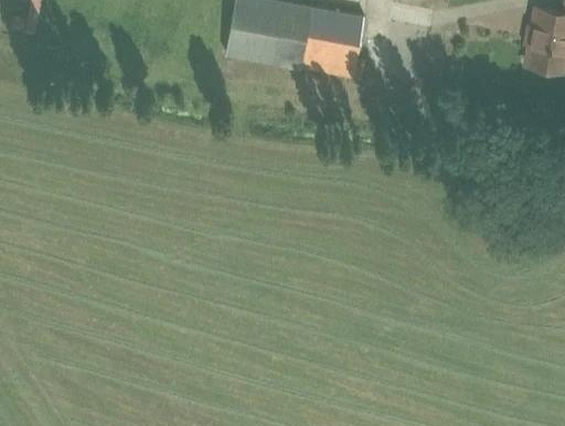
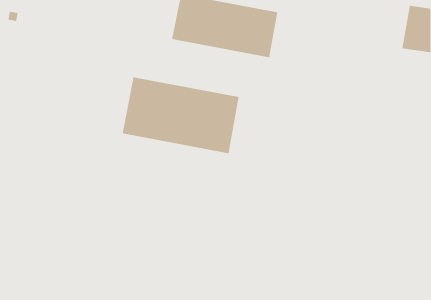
building: none -> [122,77,239,154]

